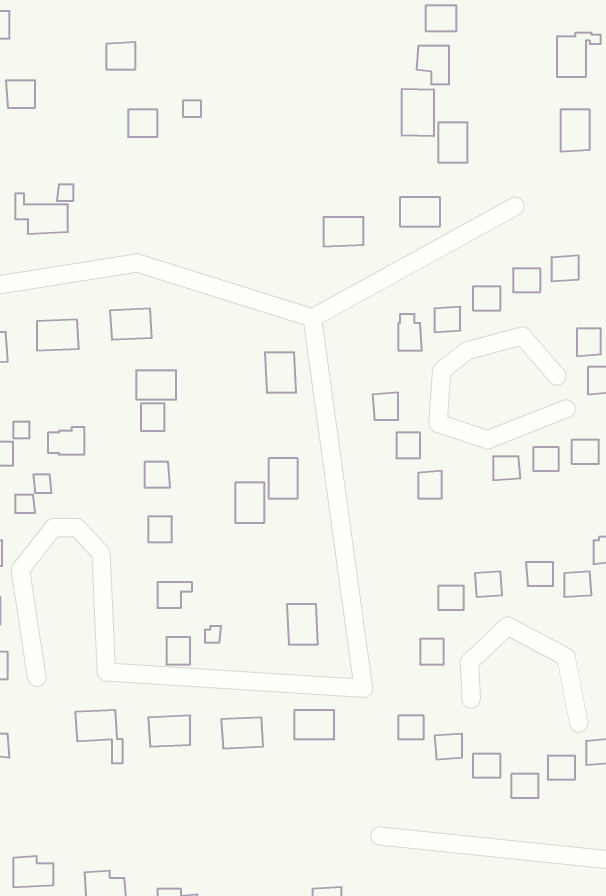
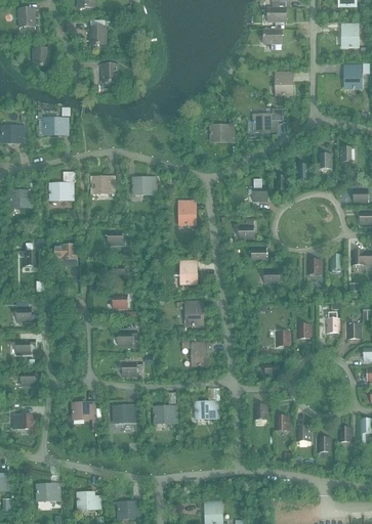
building: [402,89,434,136] -> none
building: [136,370,176,400] -> [133,177,156,193]
building: [235,483,264,523] -> [185,301,202,323]

